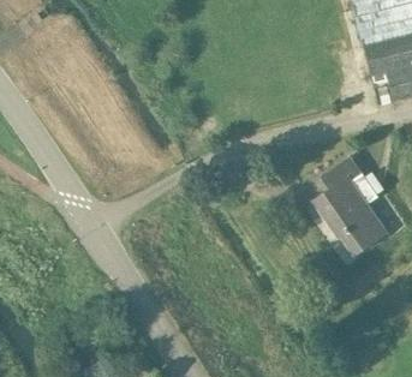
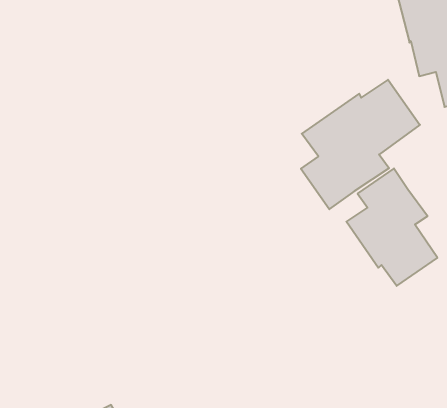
building: none -> [301,80,420,209]

